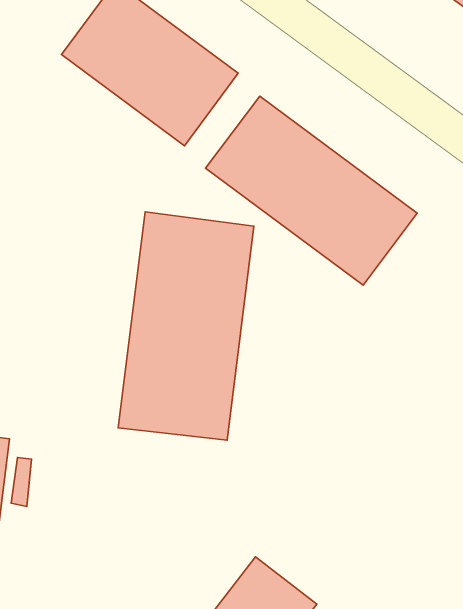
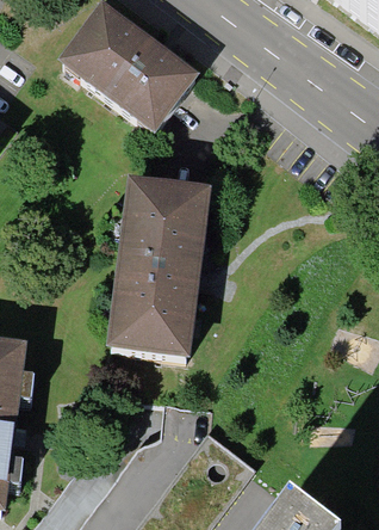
building: [206,96,417,285] -> none

